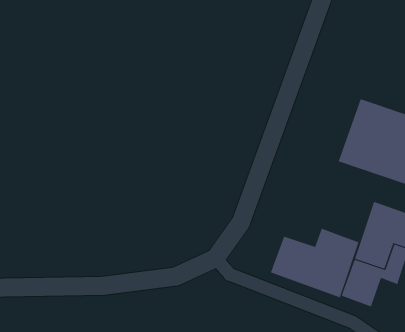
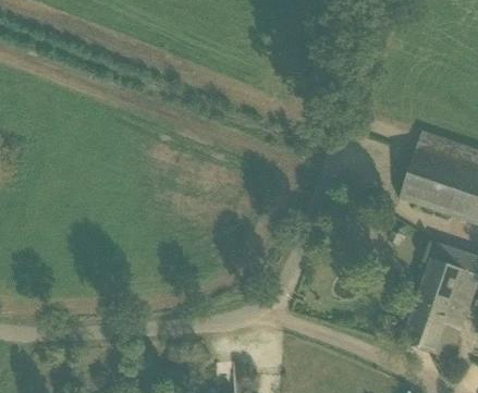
building: [270,228,359,298] -> none

